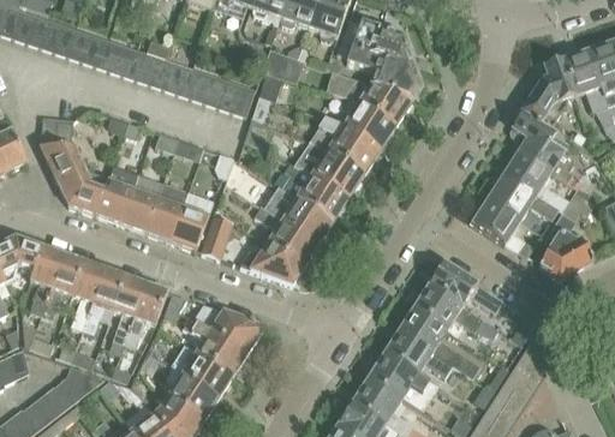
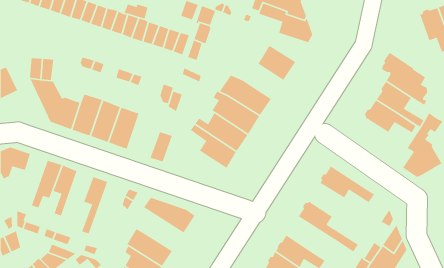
building: [521,59,574,128] -> none
building: [332,72,413,124] -> none
building: [309,116,380,173] -> none
building: [171,192,213,250] -> none
building: [471,198,524,252] -> none
building: [239,243,304,285] -> none
building: [30,246,64,316] -> none
building: [79,269,125,345] -> none
building: [120,283,167,359] -> none
building: [413,286,497,339] -> none
building: [181,316,246,376] -> none
building: [383,330,452,378] -> none

